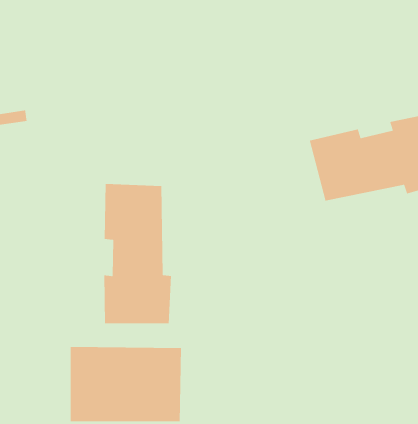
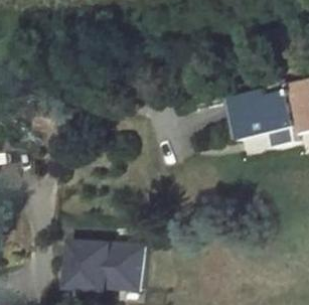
building: [103,183,172,324] -> none

